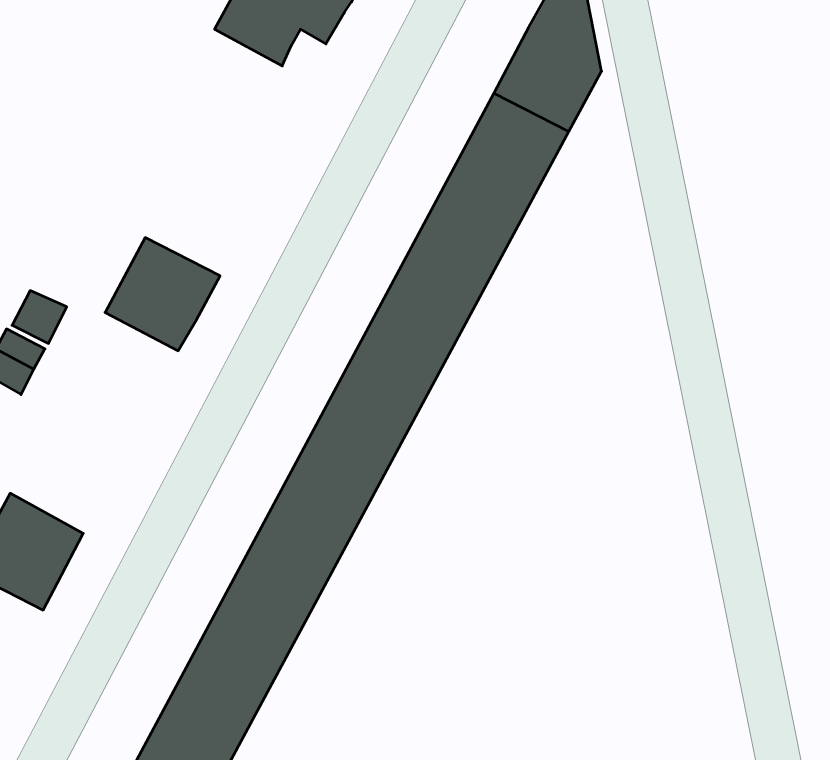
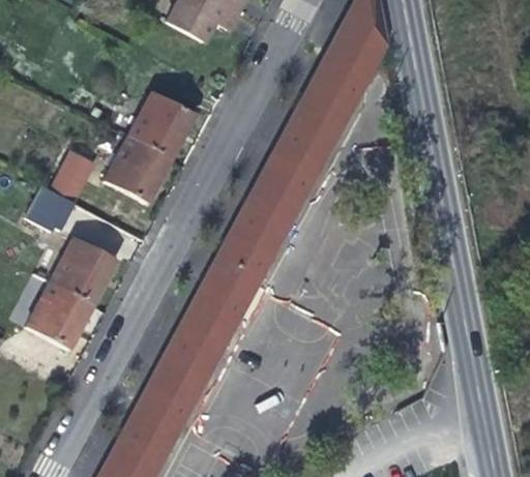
building: none -> [128,91,195,159]
building: none -> [52,236,118,305]

